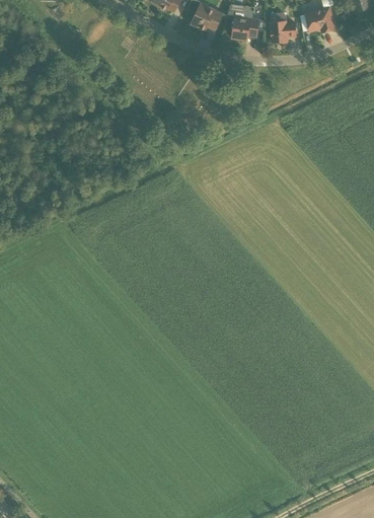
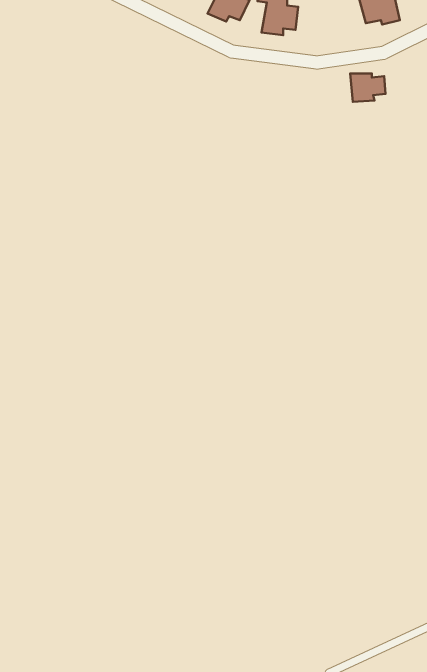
building: [270,20,296,42] -> [350,74,385,102]

